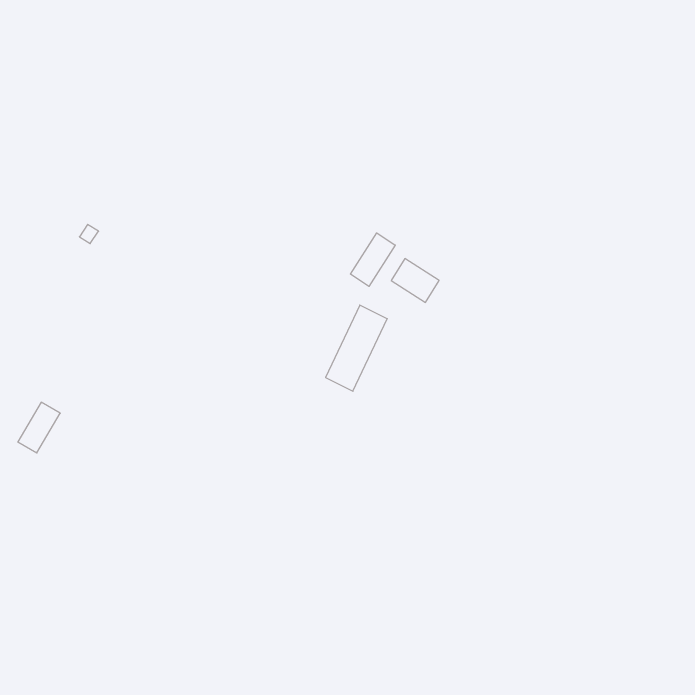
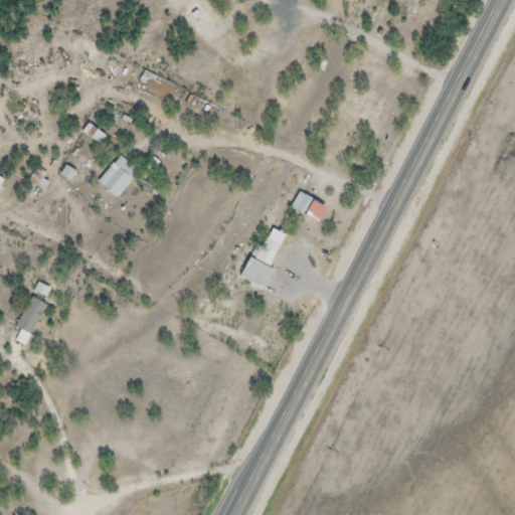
building: none -> [99,155,140,196]
building: [350,233,395,286] -> none

